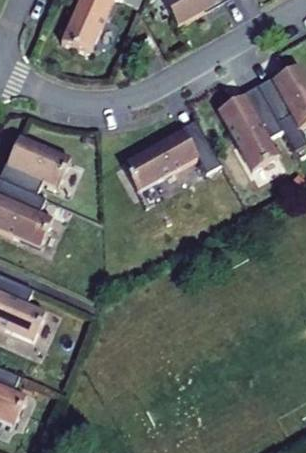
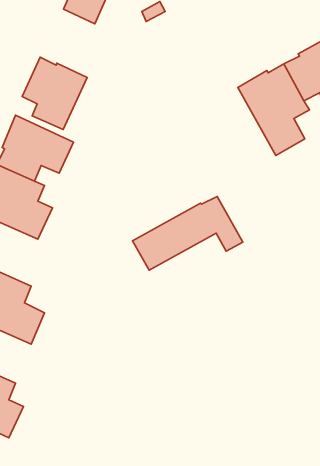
building: none -> [22,57,87,129]
building: [121,123,220,189] -> [132,196,243,270]

